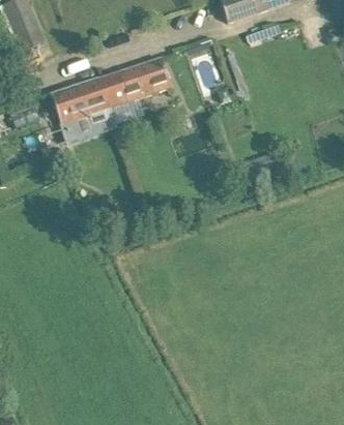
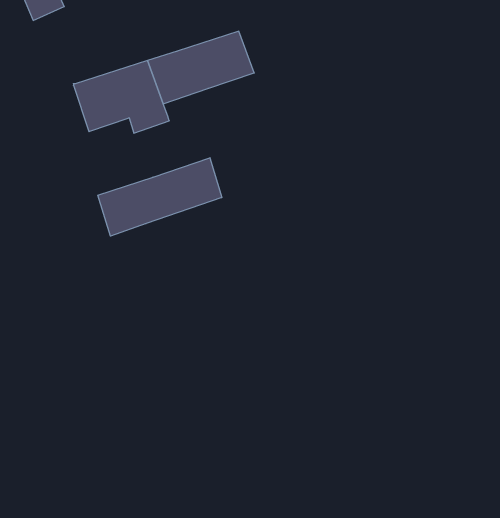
building: none -> [98,158,222,236]

